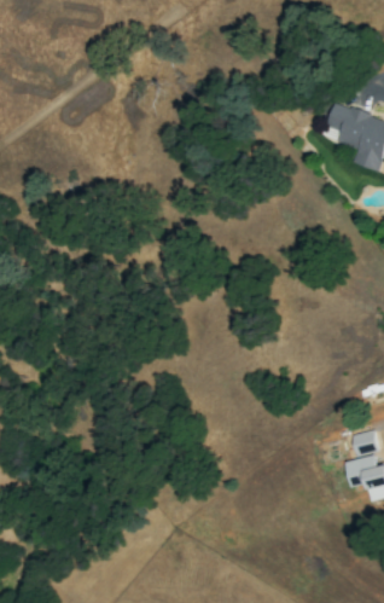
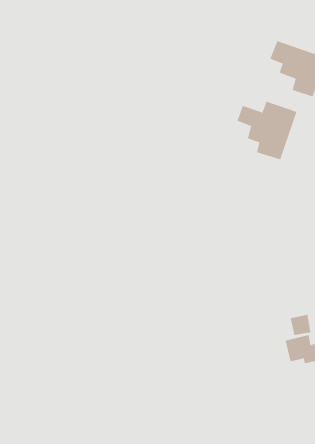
building: none -> [237,101,297,160]

